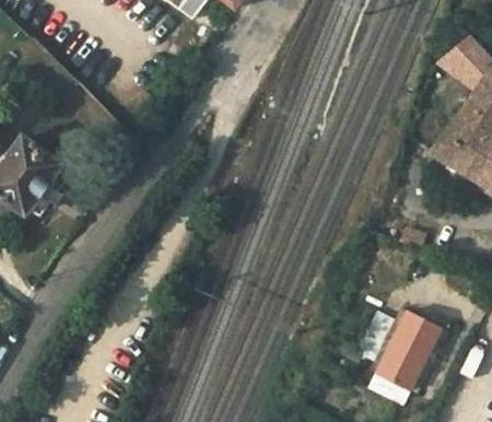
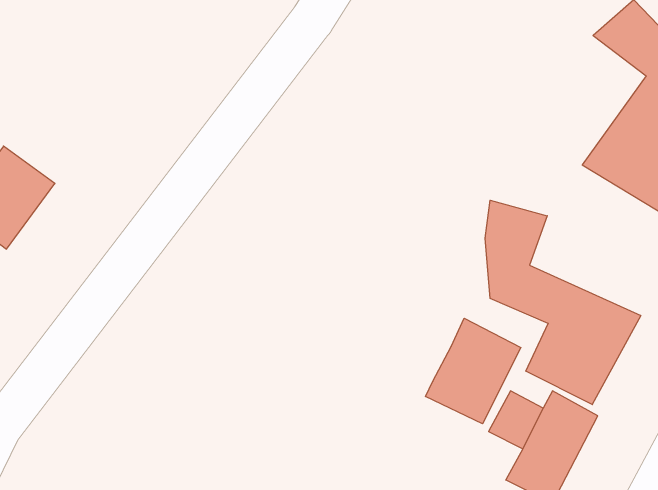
building: none -> [485,200,641,405]
building: none -> [426,318,521,424]

